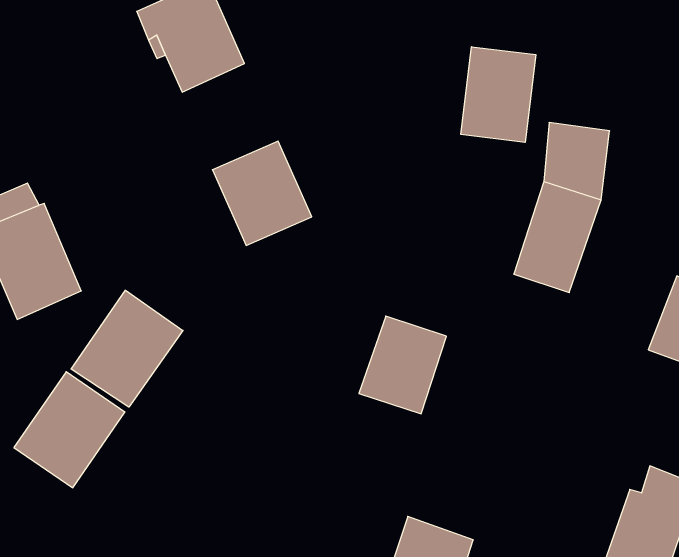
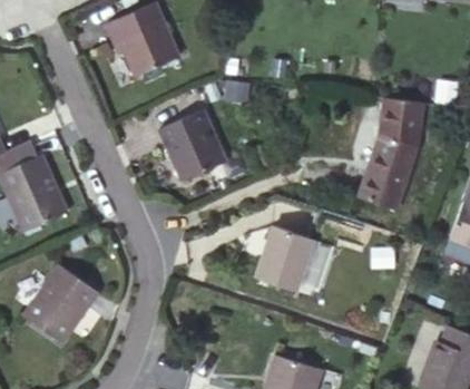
building: [461,47,536,142] -> none
building: [71,290,183,407] -> none

